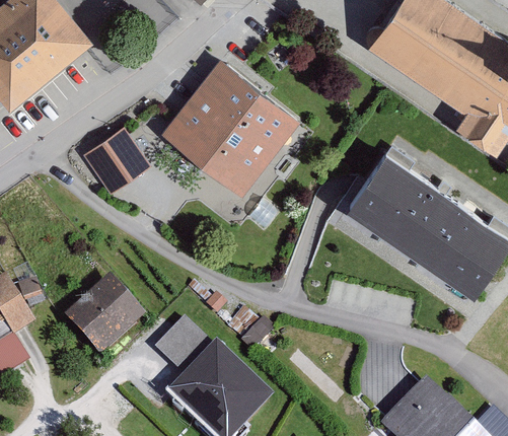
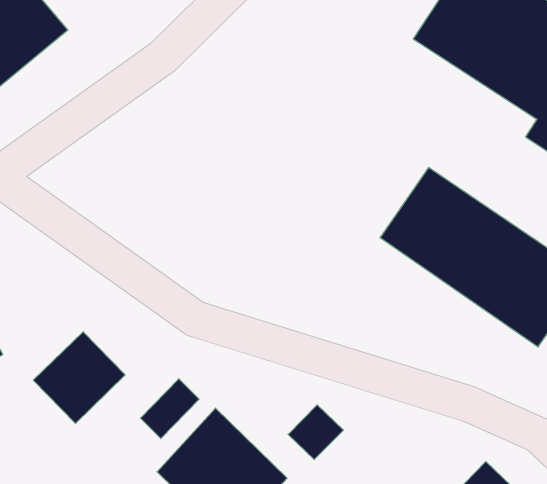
building: [162,60,299,195] -> none
building: [81,131,148,197] -> none
building: none -> [288,405,343,460]

